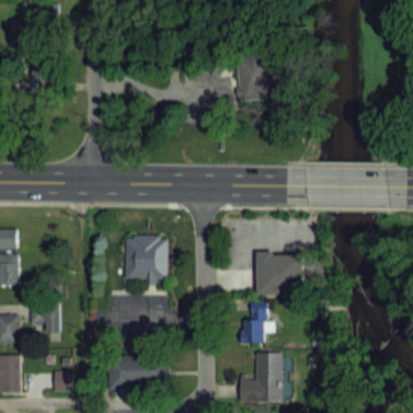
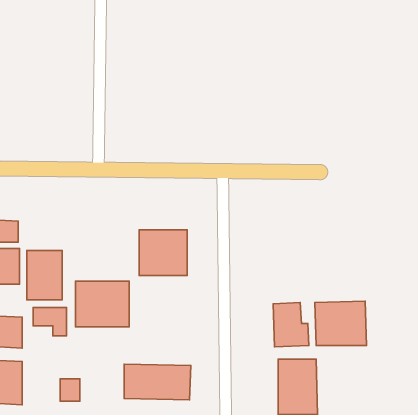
building: [234,53,274,101] -> none
building: [255,254,301,294] -> [315,301,367,346]
building: none -> [27,251,62,300]
building: none -> [76,281,129,327]

